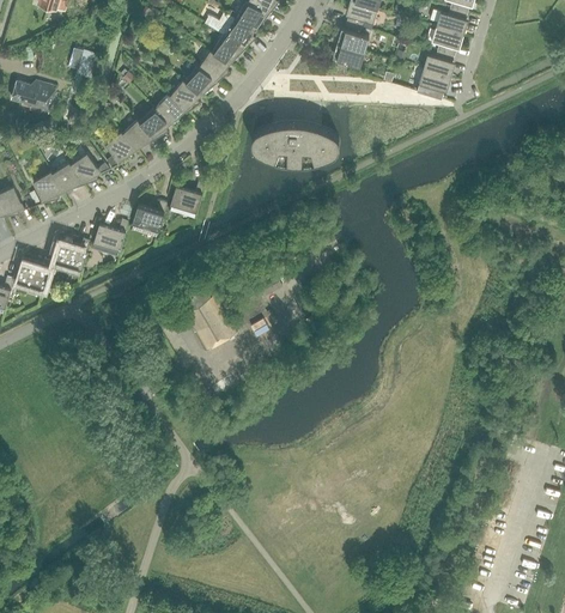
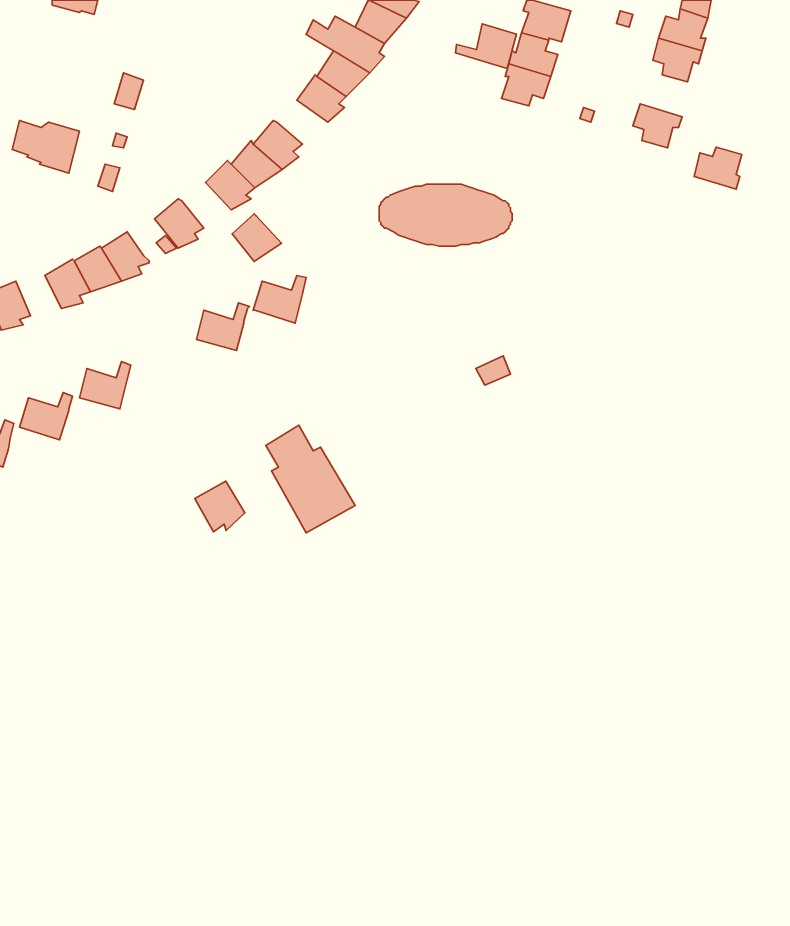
building: none -> [456,24,517,69]
building: [423,50,454,78] -> [694,147,742,189]
building: [184,65,218,96] -> none
building: [122,120,154,151] -> [232,214,282,261]
building: [92,219,127,250] -> none
building: none -> [195,481,245,532]

